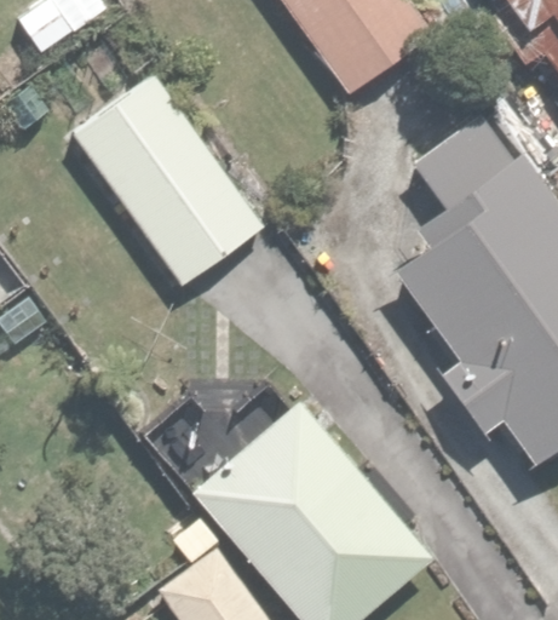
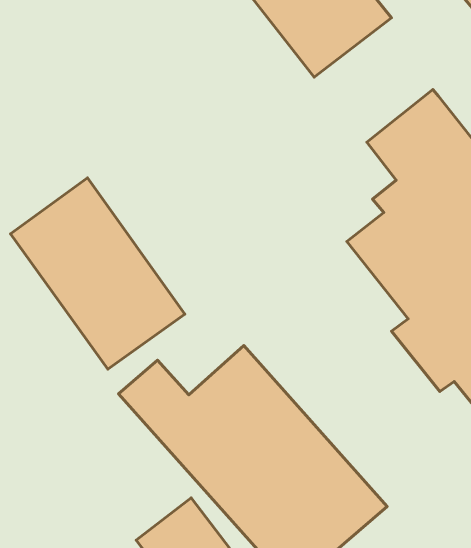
building: [75,76,264,283] -> [10,178,185,369]

